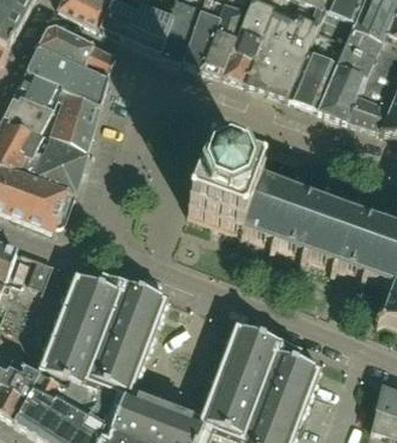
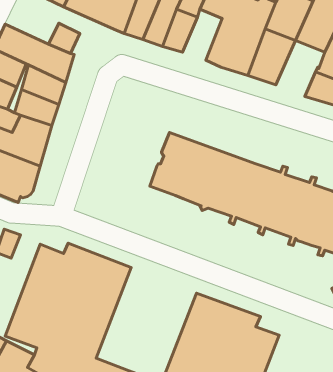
building: [38,25,94,65] -> none
building: [221,29,262,82] -> none
building: [318,61,368,119] -> none
building: [208,124,309,189] -> none

